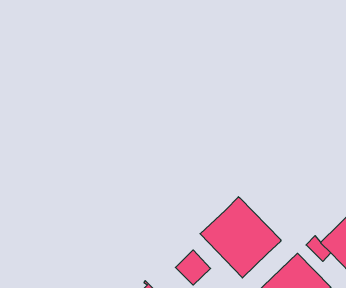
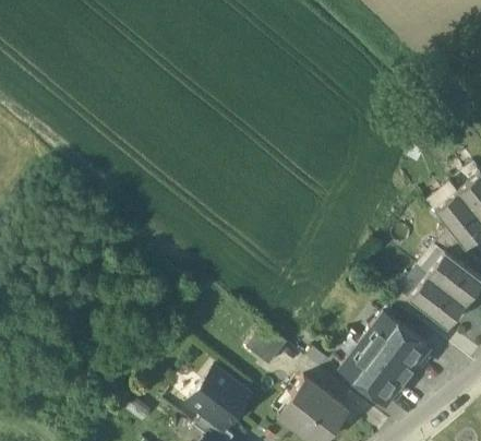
building: [200,197,281,278] -> none

